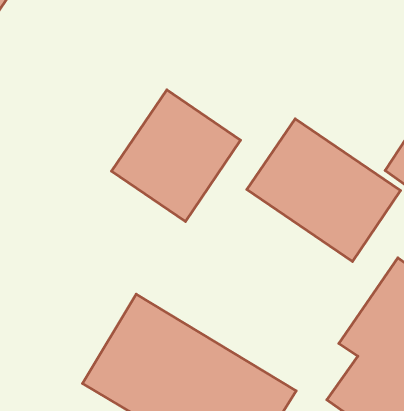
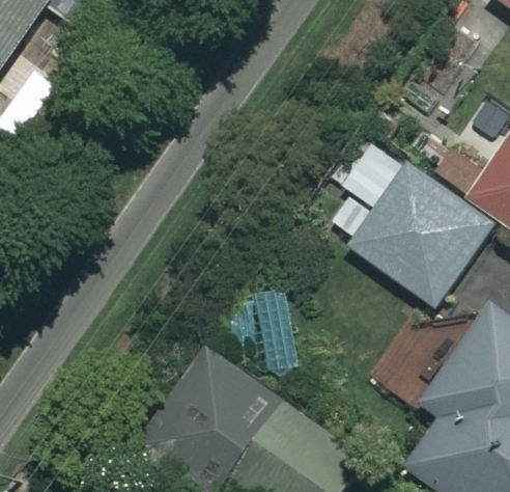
building: [111,90,241,222] -> none

